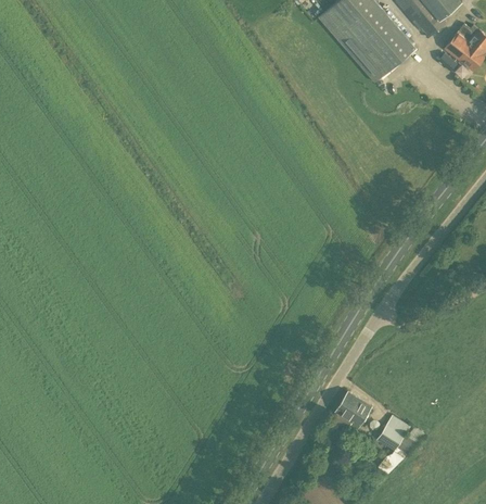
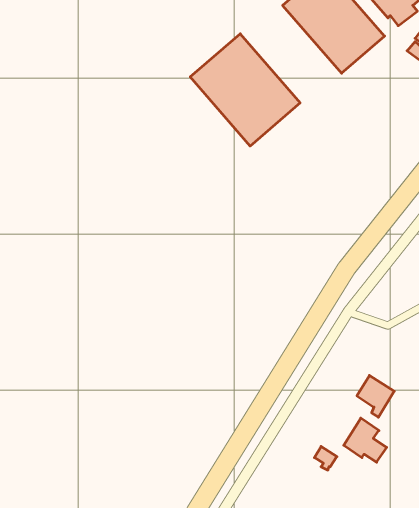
building: none -> [190,34,300,146]
building: [335,392,371,432] -> [357,375,394,417]

